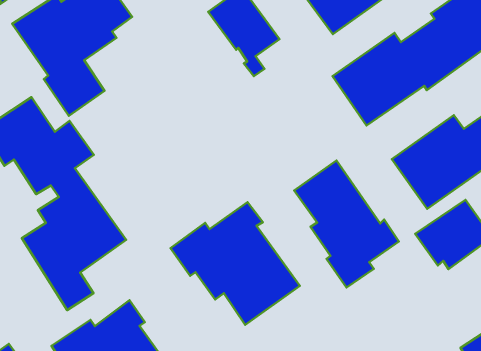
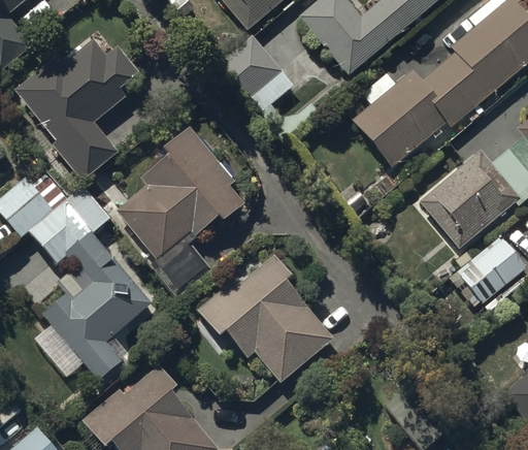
building: none -> [117,128,242,297]
building: [294,160,399,288] -> none

